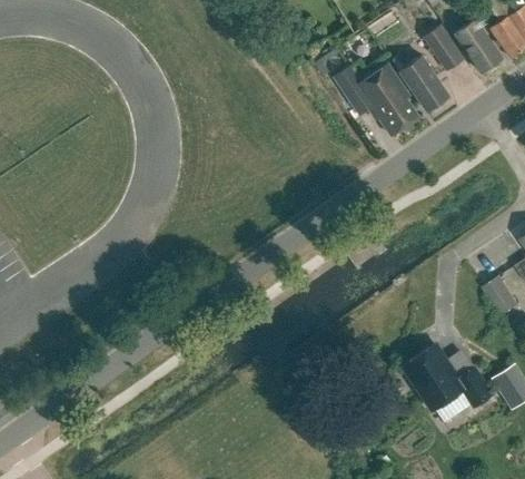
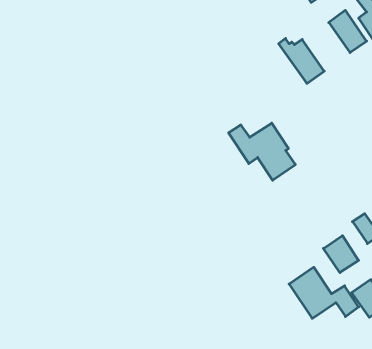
building: [424,26,464,70] -> none
building: [336,63,420,136] -> [229,123,295,180]
building: none -> [323,236,359,273]

